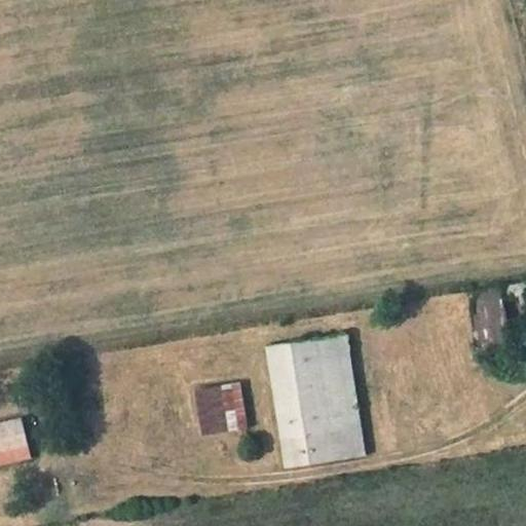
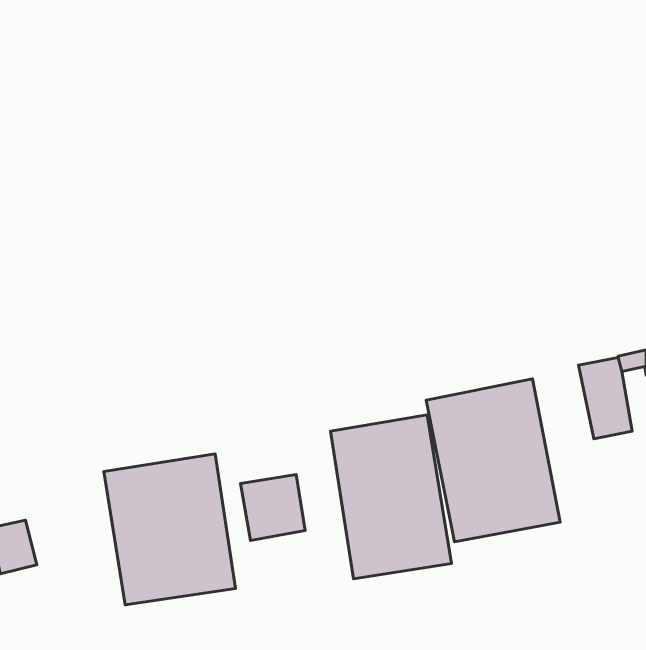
building: none -> [426,379,560,542]
building: none -> [104,454,235,605]

